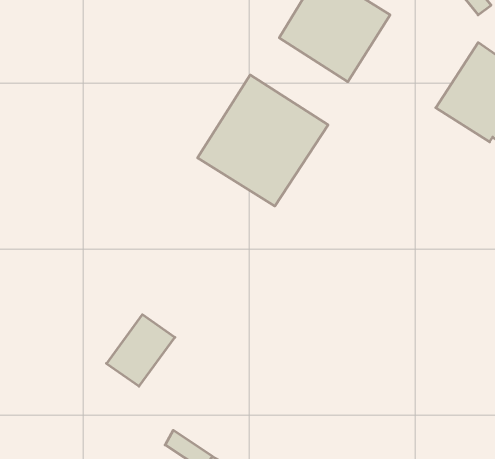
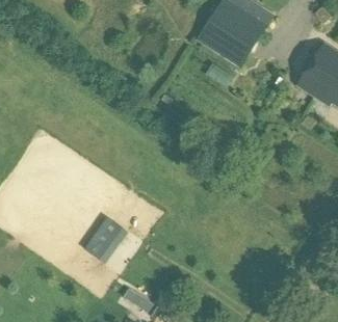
building: [198,75,328,206] -> none

